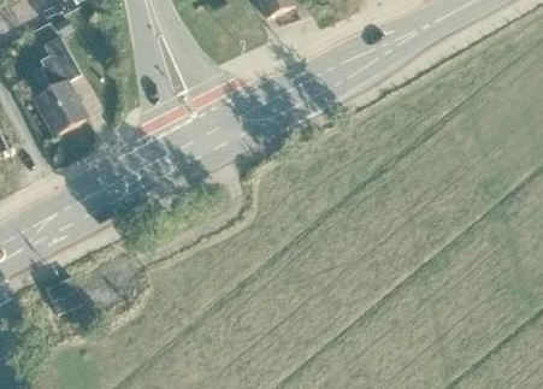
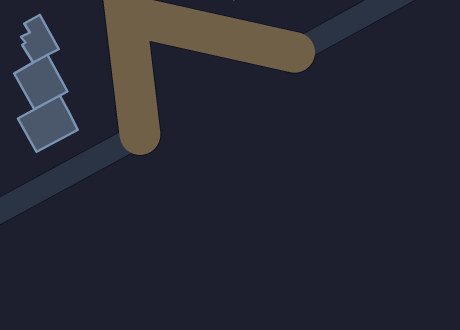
building: none -> [18,96,78,152]

